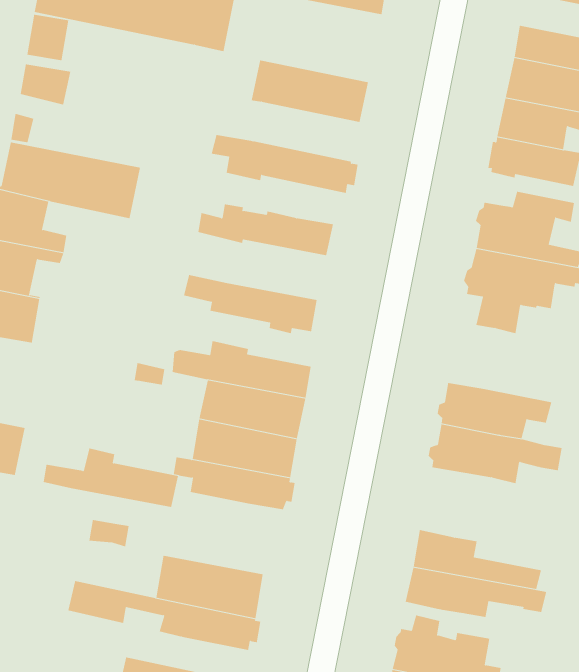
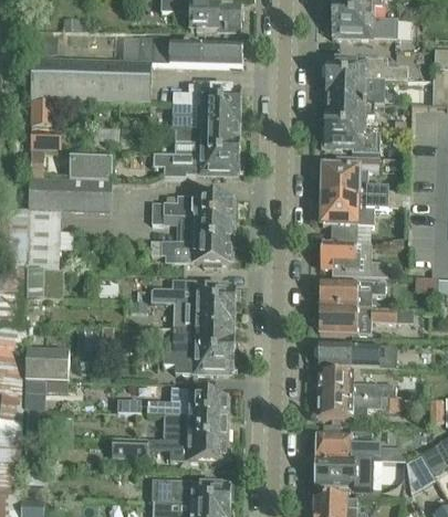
building: none -> [173,84,241,106]
building: none -> [177,129,240,156]
building: none -> [70,158,112,180]
building: none -> [152,214,233,243]
building: none -> [321,242,386,276]
building: [43,448,179,508] -> [147,387,229,414]
building: none -> [317,341,389,367]

